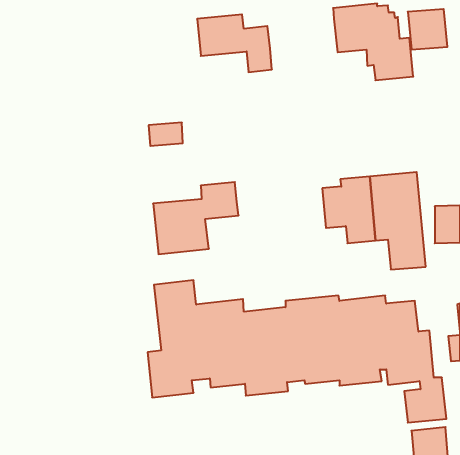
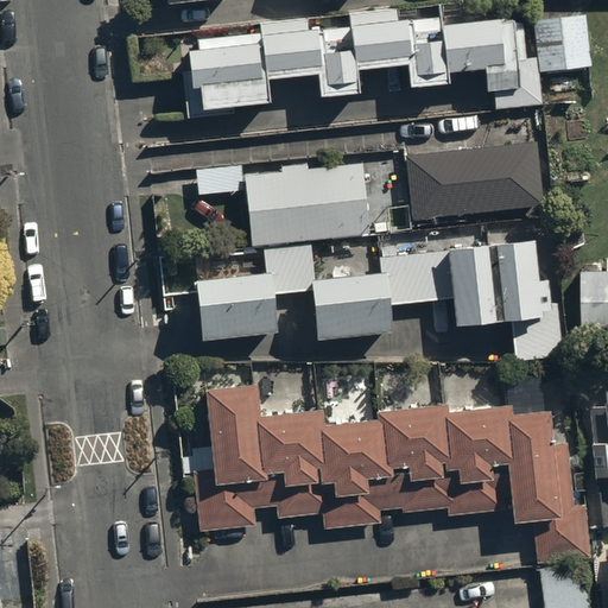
building: none -> [350,13,446,91]
building: none -> [180,32,268,120]
building: none -> [406,144,540,220]
building: none -> [243,163,368,246]
building: none -> [312,255,430,344]

